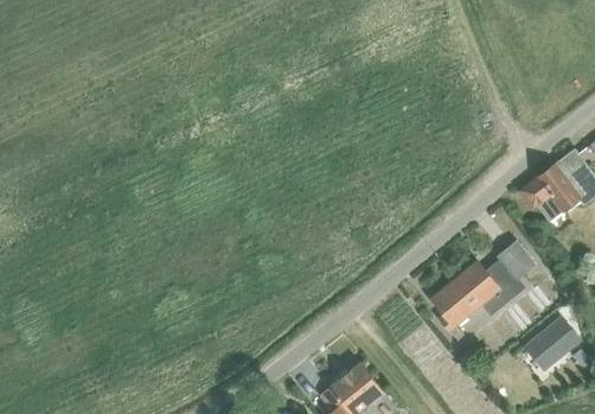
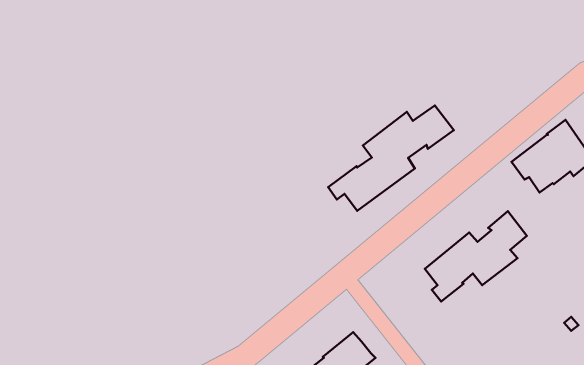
building: none -> [328,105,454,211]
building: [526,320,575,365] -> none

